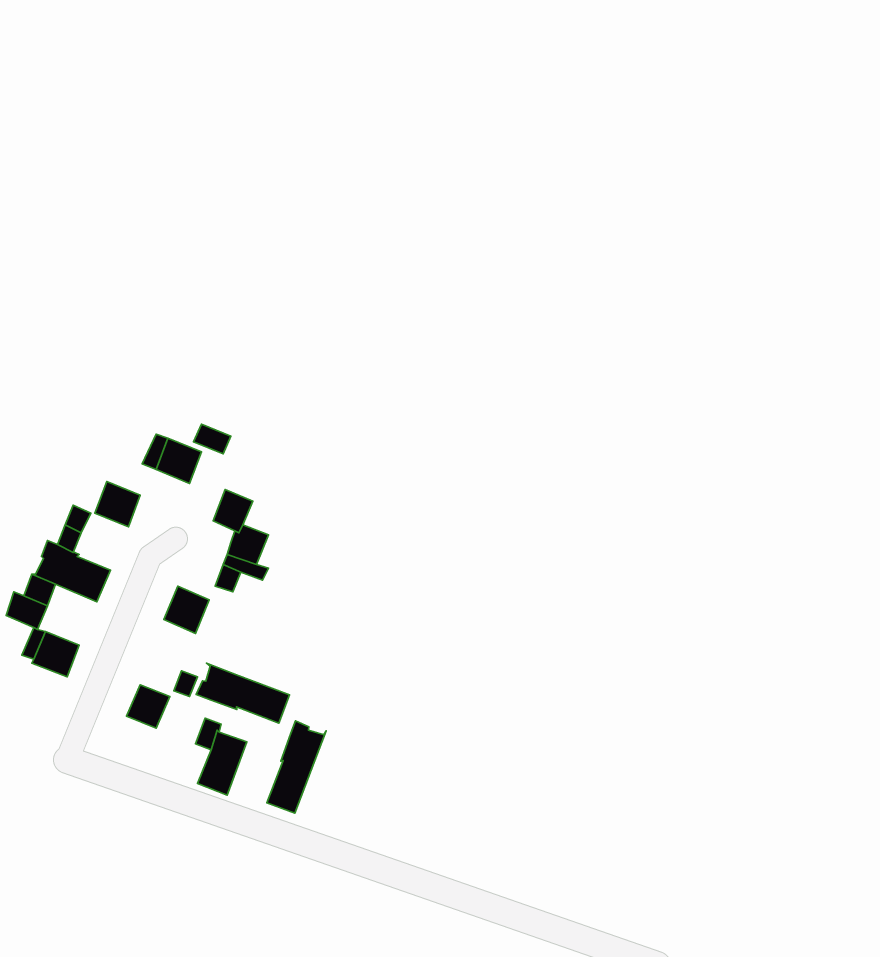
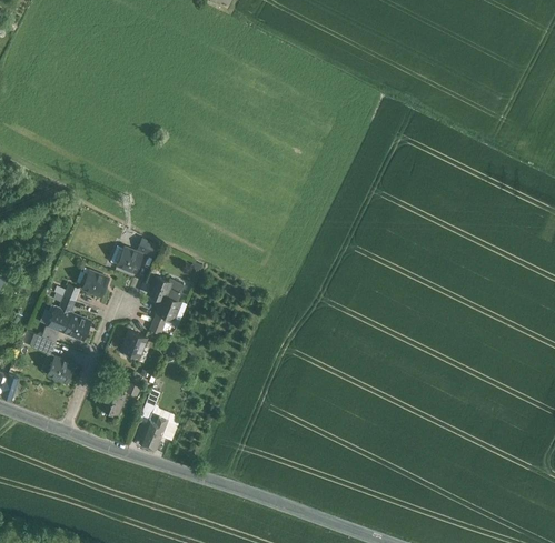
building: [196,663,290,723] -> none
building: [267,721,326,813] -> none

